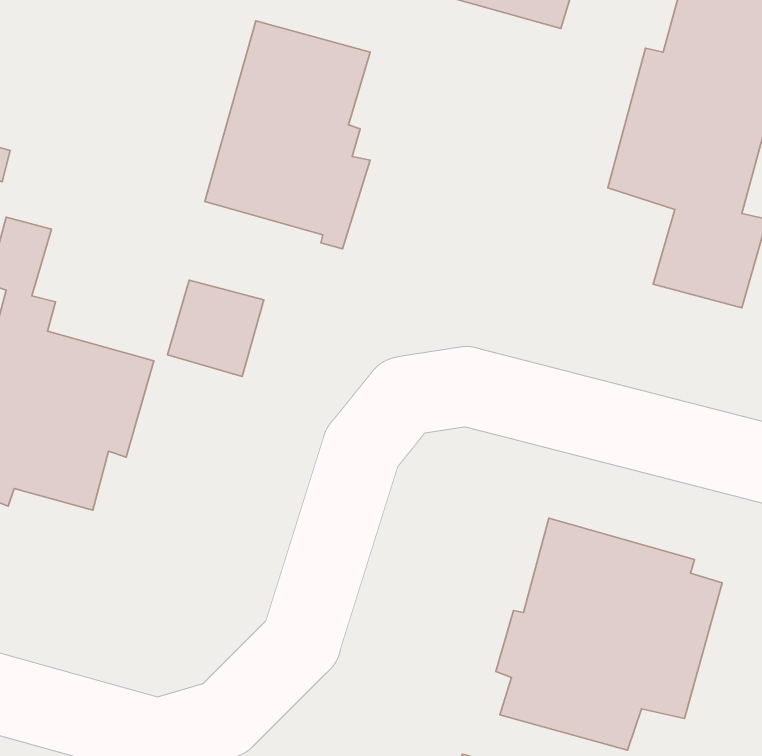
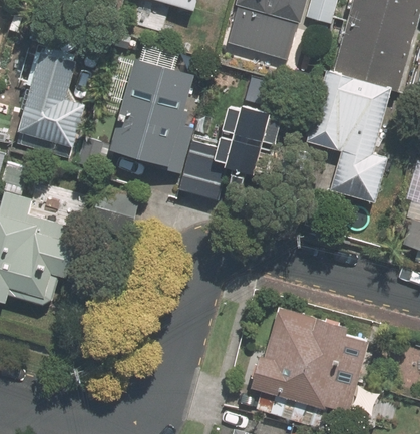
building: none -> [11,49,80,155]
building: none -> [173,105,280,198]

